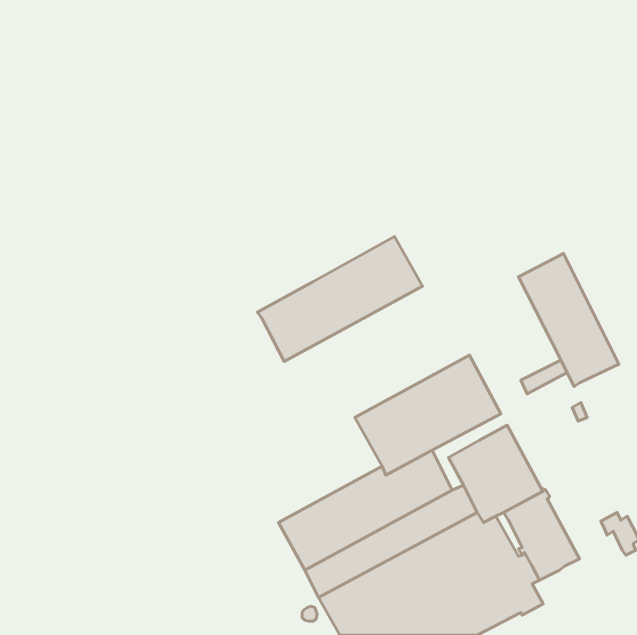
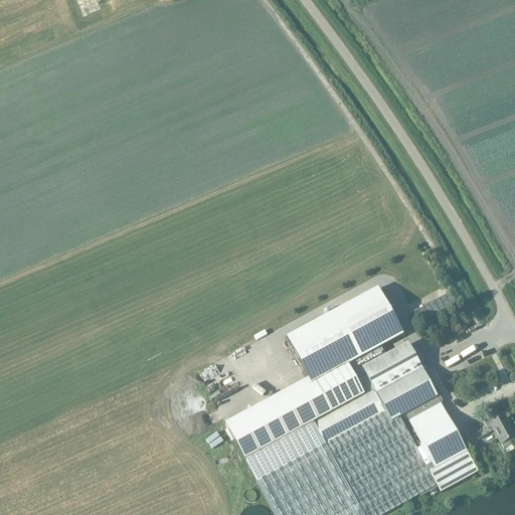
building: [257,236,422,361] -> none
building: [518,254,619,387] -> none
building: none -> [349,345,387,394]
building: none -> [437,452,479,488]

